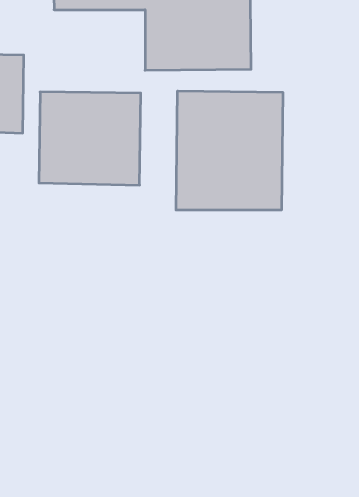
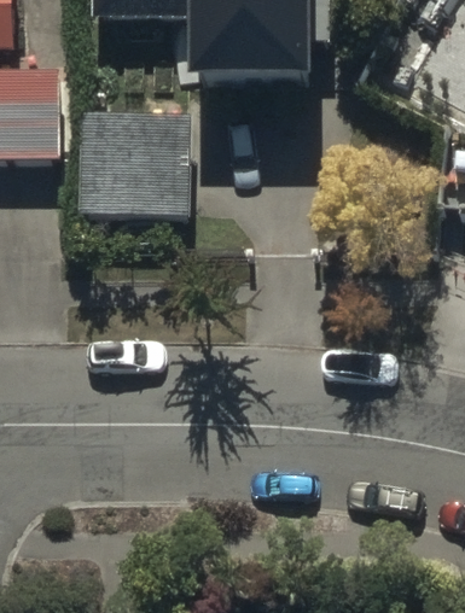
building: [176,91,283,210] -> none

